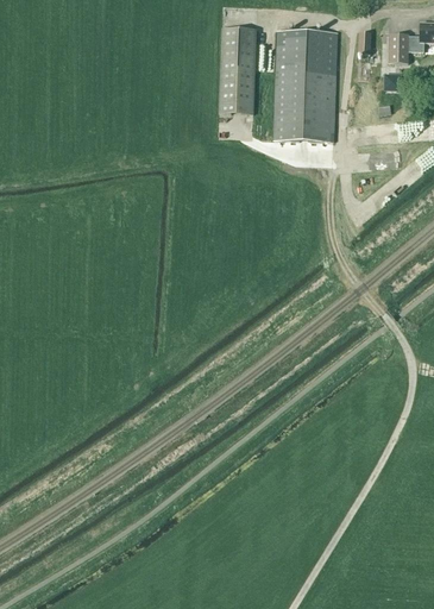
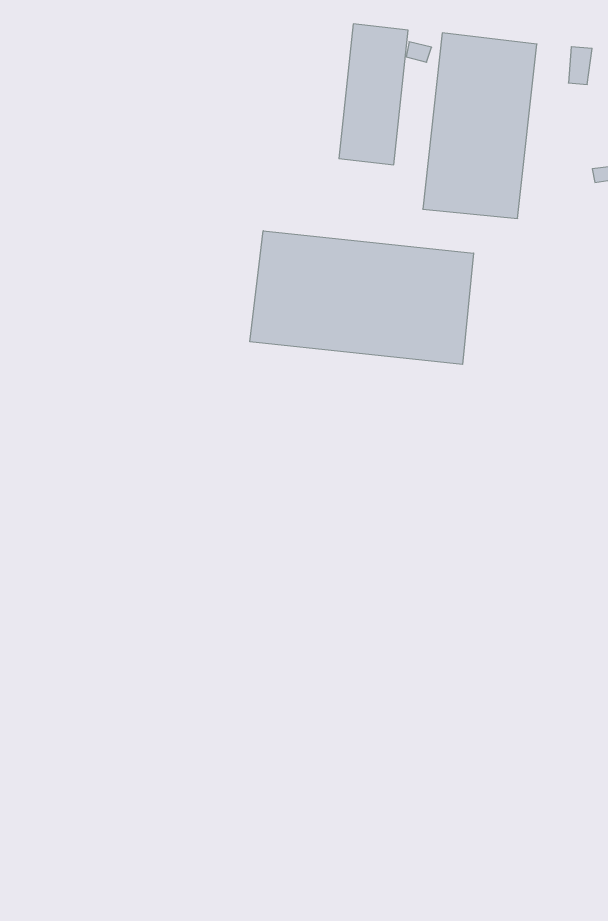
building: none -> [250,231,474,364]

